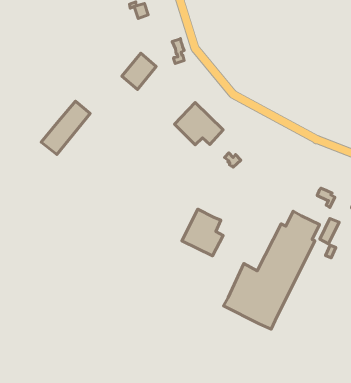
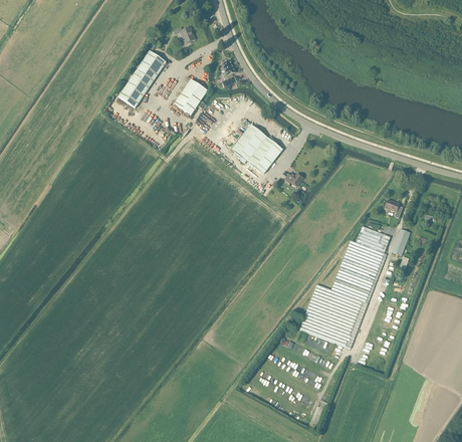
building: [41,101,90,155] -> [119,51,166,107]
building: [182,209,223,256] -> none

